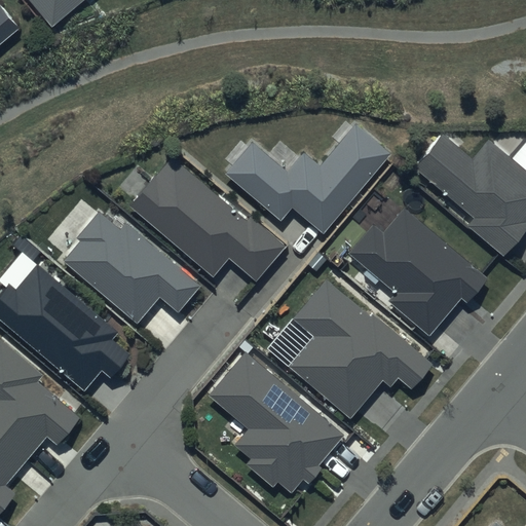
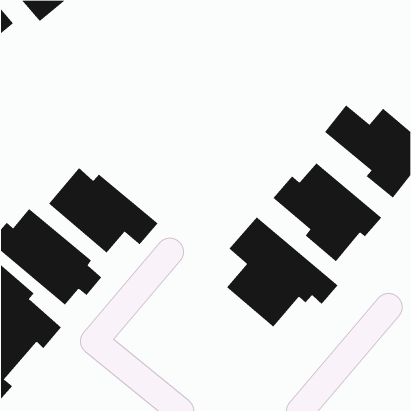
building: [225,124,390,233] -> none
building: [130,158,286,280] -> none
building: [211,353,343,493] -> none

